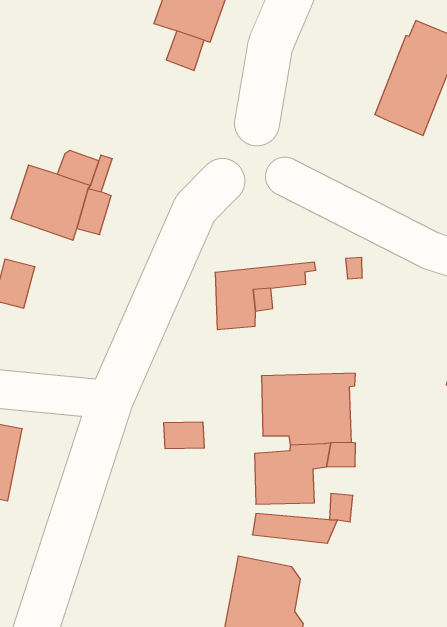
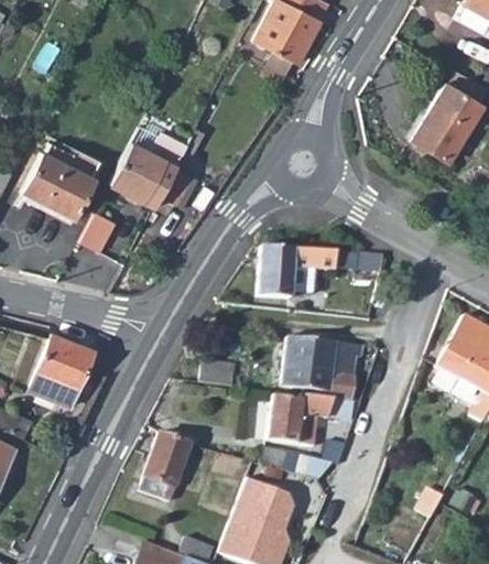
building: none -> [141,434,194,500]

